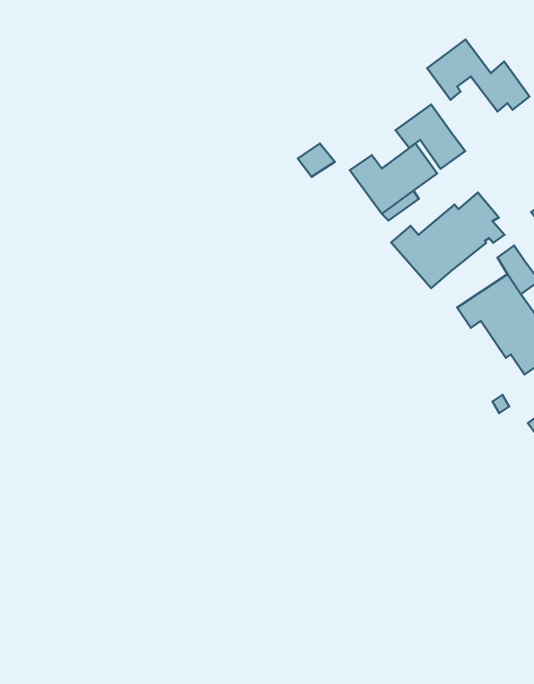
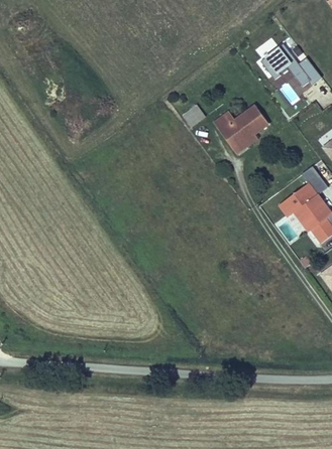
building: [396,104,465,169] -> none
building: [391,192,505,288] -> none

